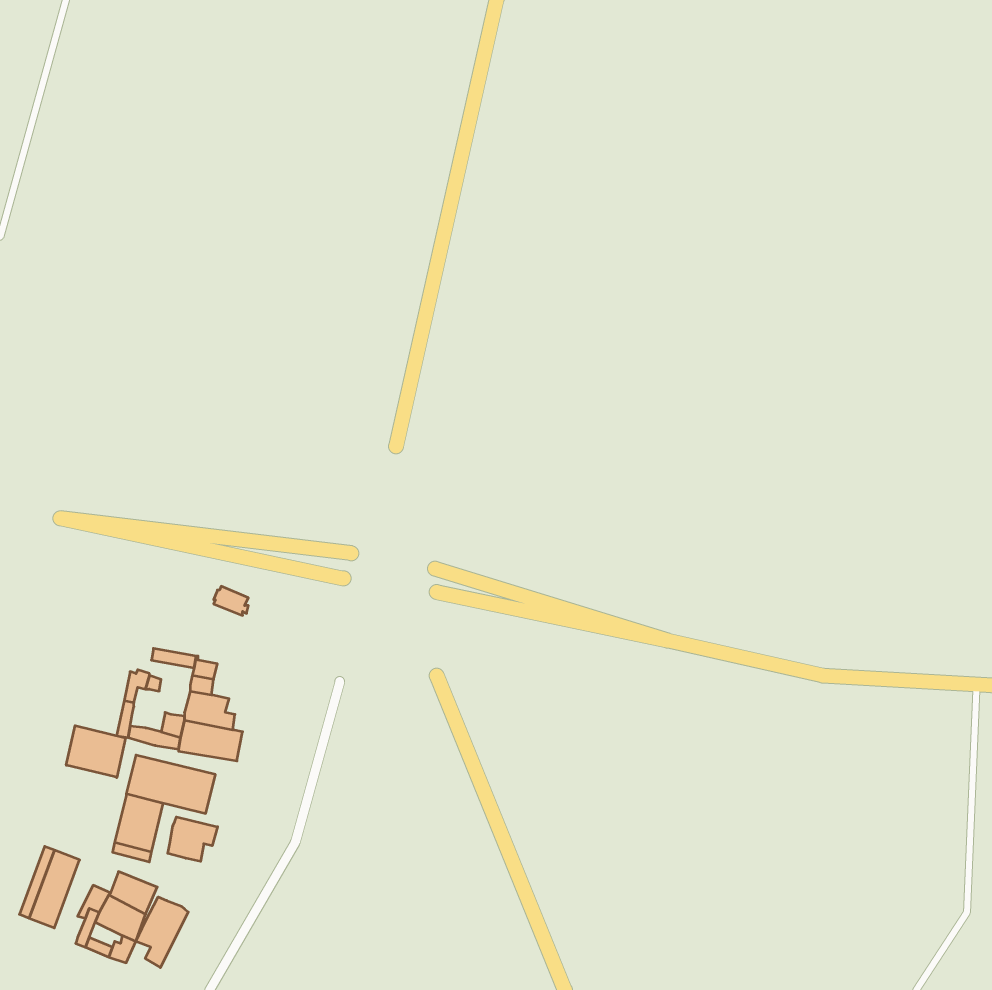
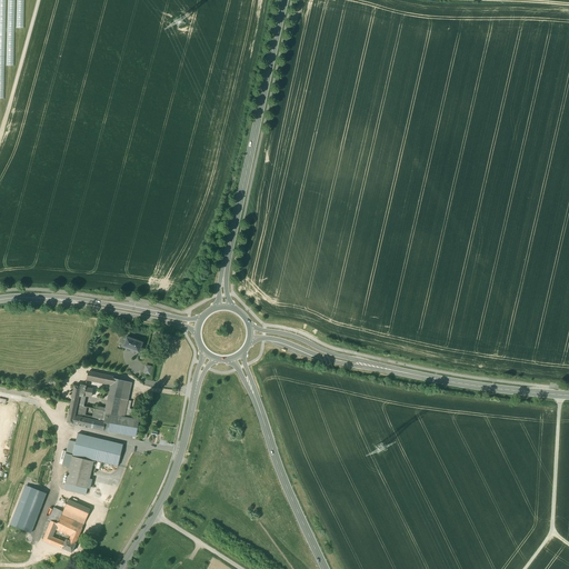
building: [66,726,126,778] -> none
building: [168,817,218,861] -> none
building: [136,897,188,968] -> none

